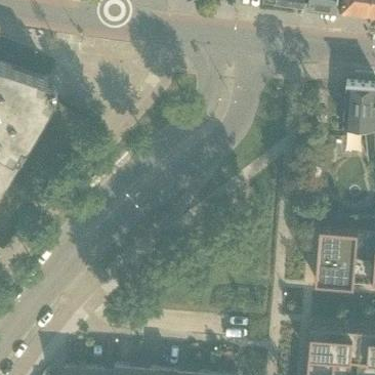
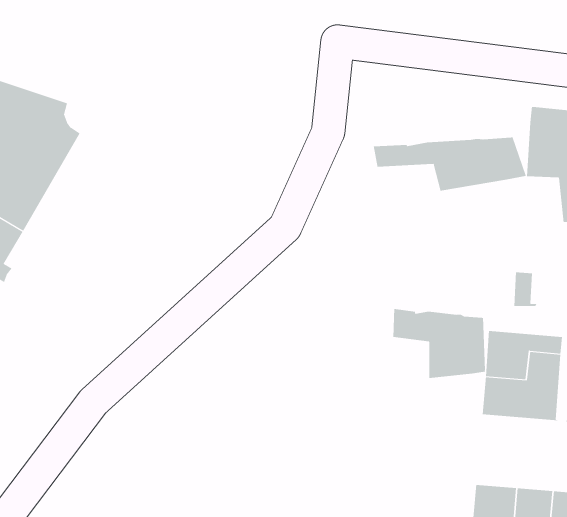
building: none -> [373,137,526,191]
building: none -> [393,308,485,379]

